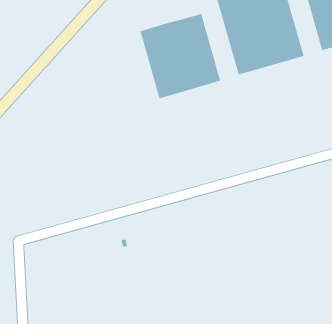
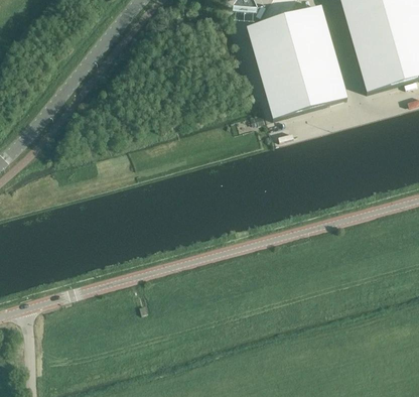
building: [140,13,221,99] -> none

